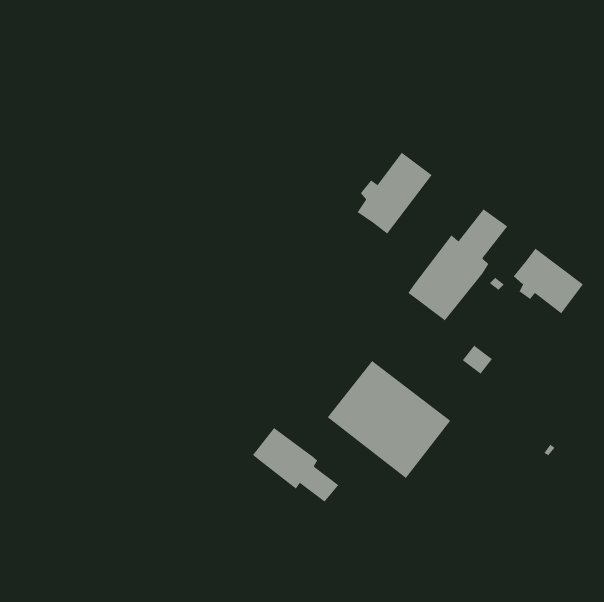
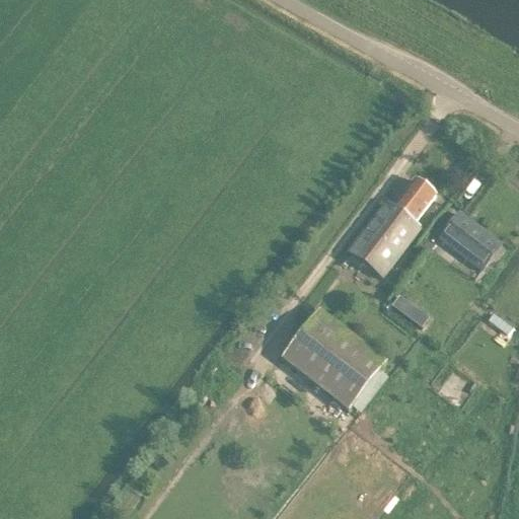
building: [357,152,432,234] -> none
building: [252,427,339,503] -> none

